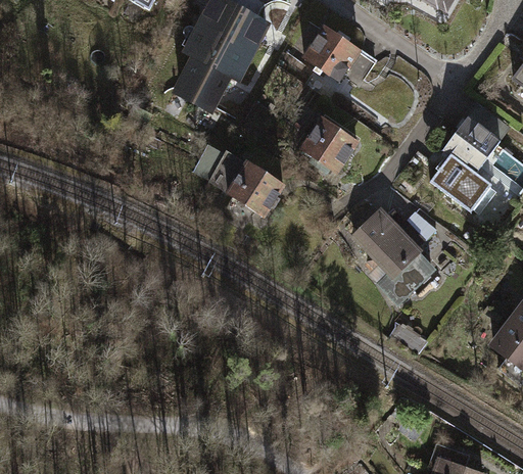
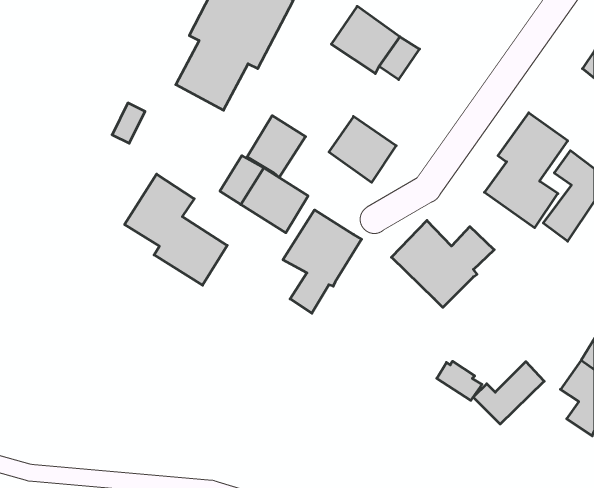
building: none -> [247,116,306,178]
building: none -> [125,174,227,285]
building: none -> [283,210,362,313]
building: [377,251,436,303] -> [473,362,544,424]

